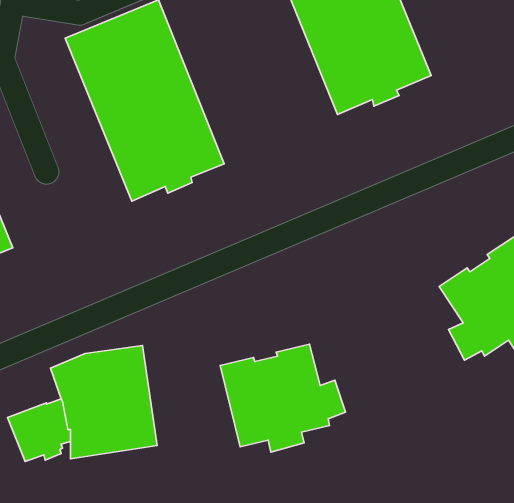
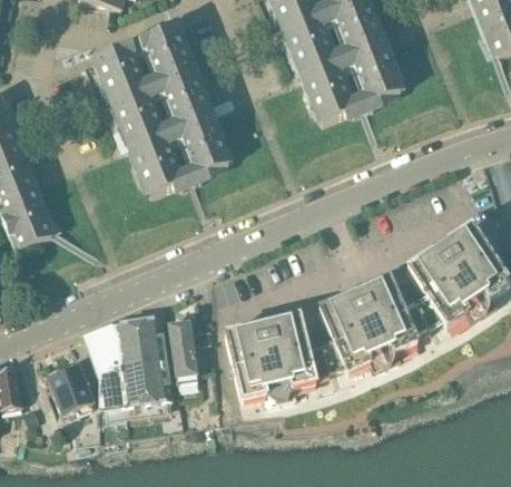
building: none -> [318,275,428,370]
building: none -> [168,318,197,380]

